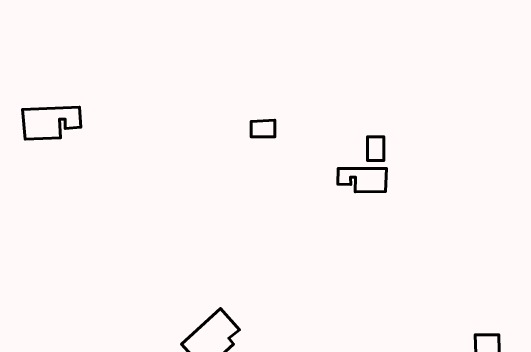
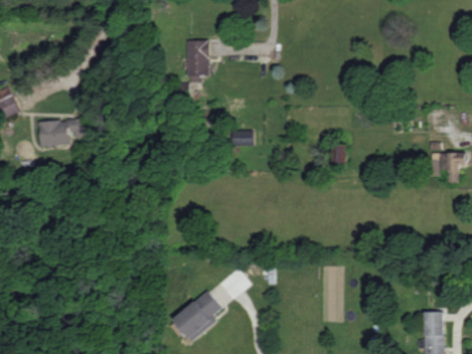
building: none -> [185,40,209,82]
building: none -> [446,153,465,183]
building: [338,169,387,192] -> none

